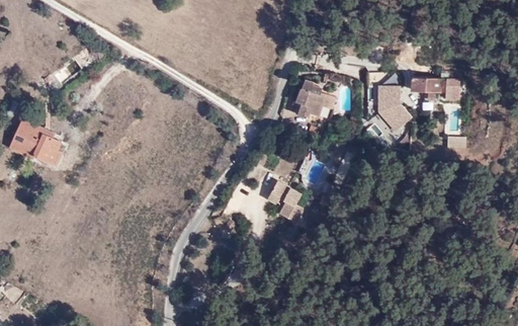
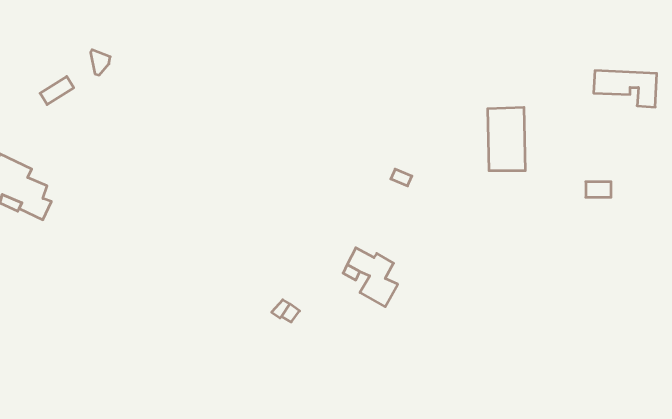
building: [293,78,333,117] -> none
building: [415,79,460,105] -> [594,71,657,107]

